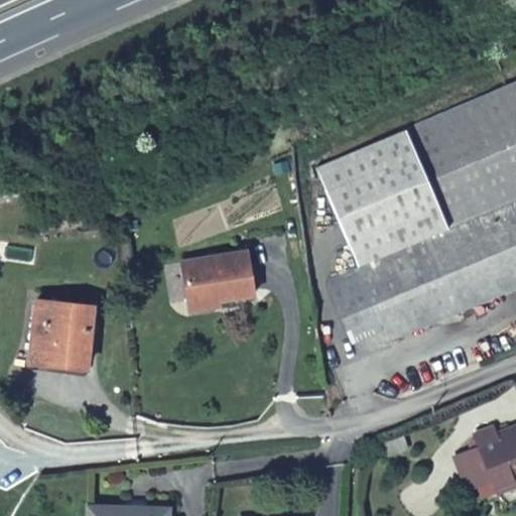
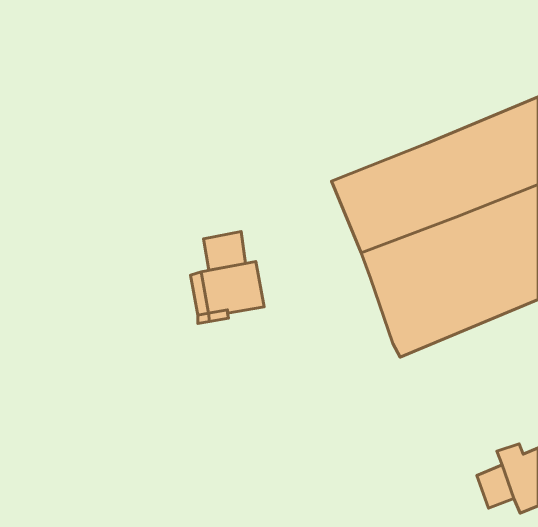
building: none -> [204,231,245,270]
building: [326,266,376,339] -> none
building: [34,295,95,361] -> none

